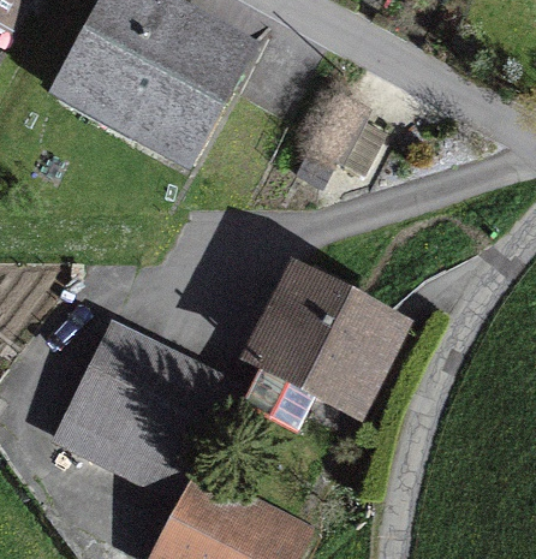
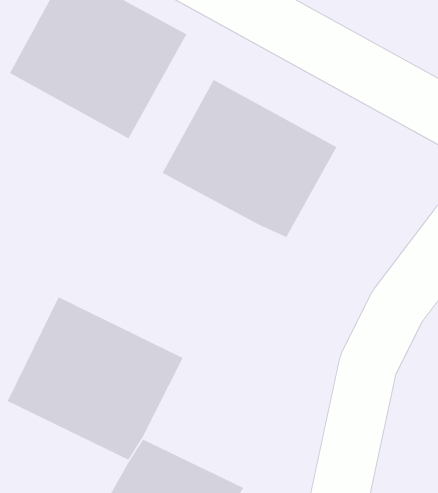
building: none -> [162,79,337,238]
building: [239,279,392,433] -> none

